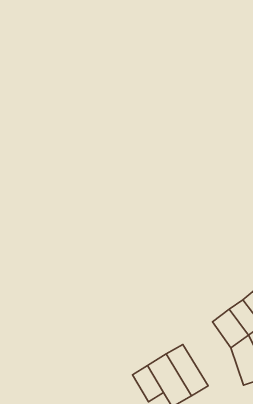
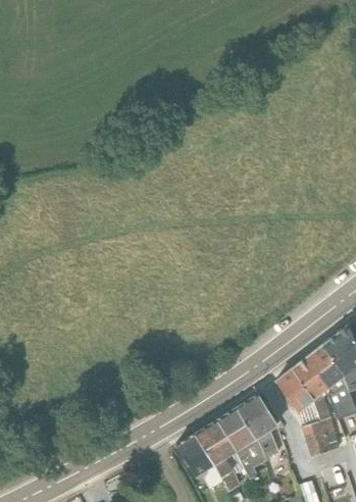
building: none -> [237,405,281,469]

